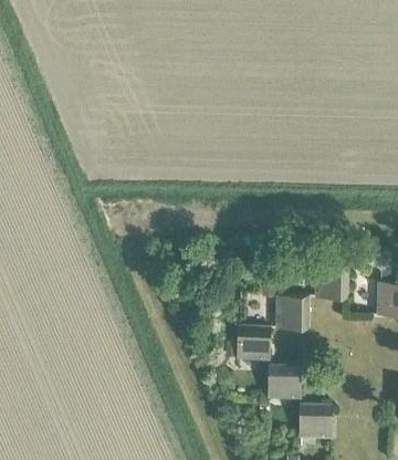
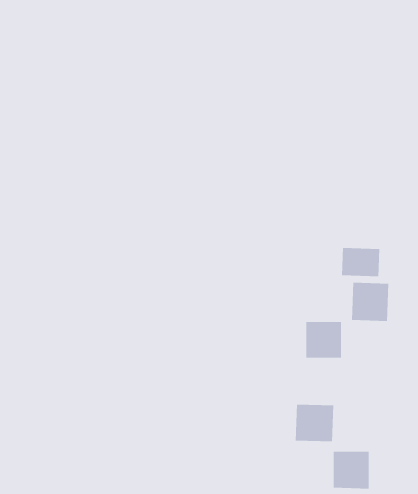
building: none -> [341,247,380,277]
building: [238,327,271,360] -> none

